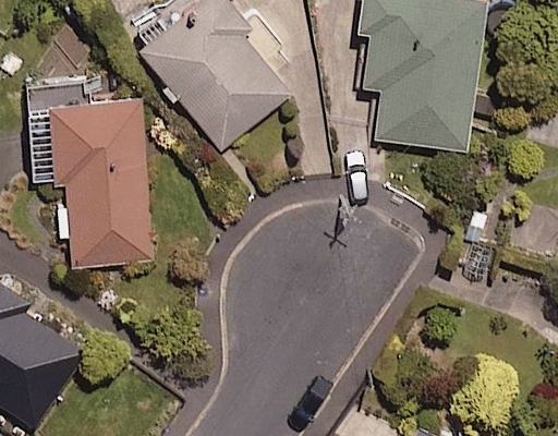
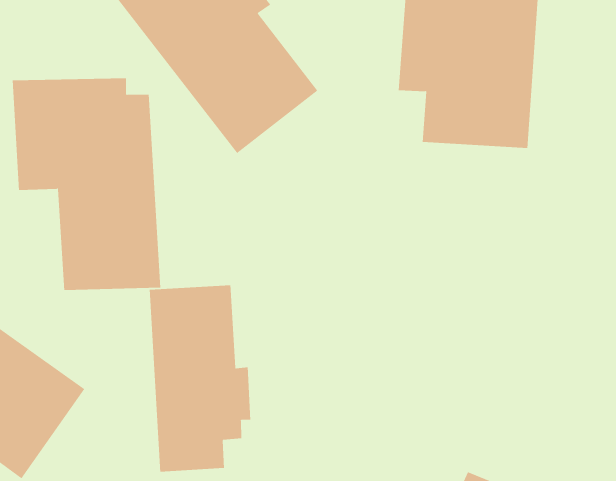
building: none -> [149,285,251,473]

